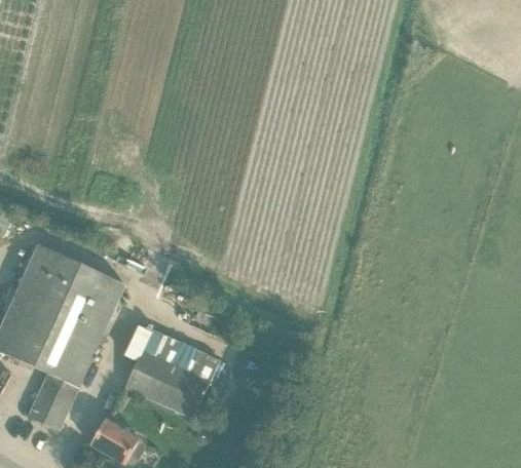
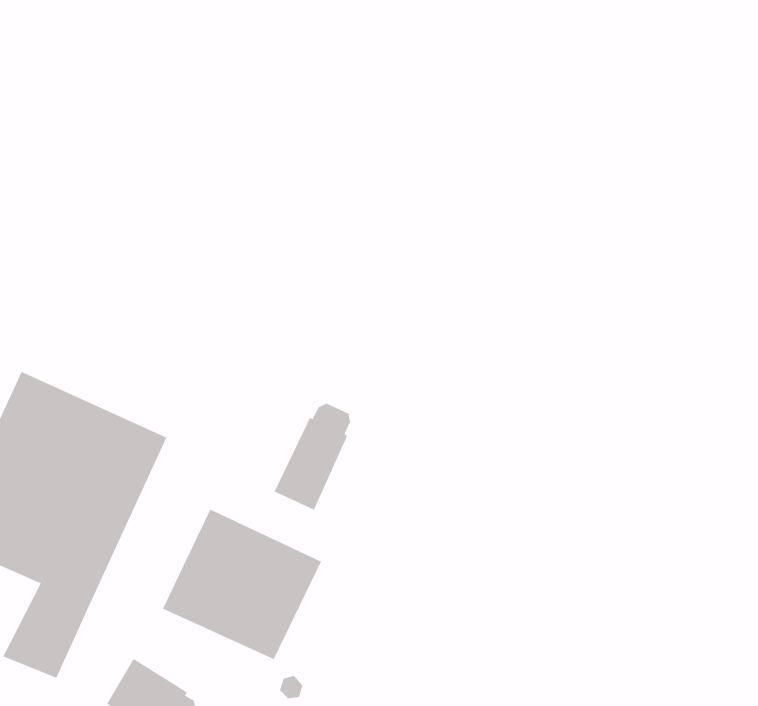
building: none -> [274,403,351,511]

